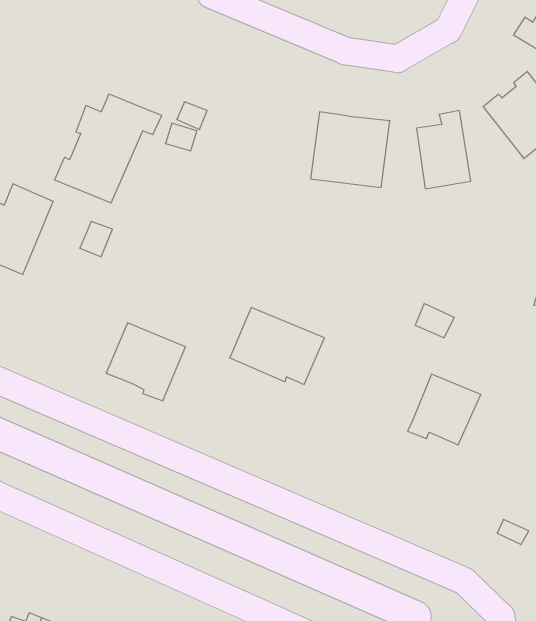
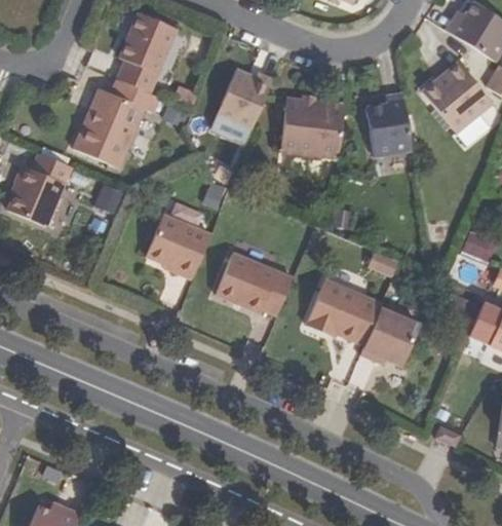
building: none -> [120,13,178,92]
building: none -> [217,69,273,130]
building: [106,323,186,401] -> [146,214,210,277]
building: none -> [306,278,382,344]

